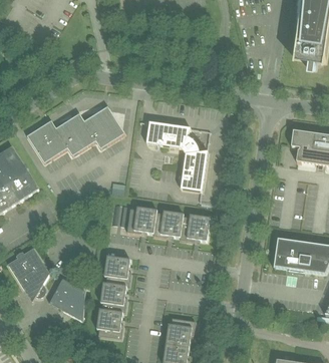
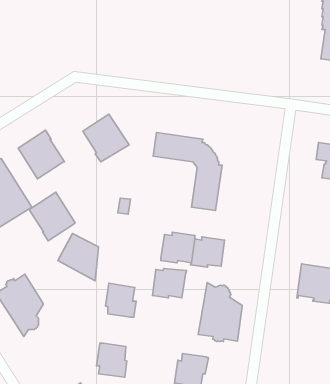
building: [54,112,95,155] -> [29,192,75,241]
building: [126,207,156,233] -> [152,268,186,298]
building: none -> [198,283,242,342]
building: [48,278,84,320] -> [58,233,99,281]
building: [99,282,126,312] -> none

